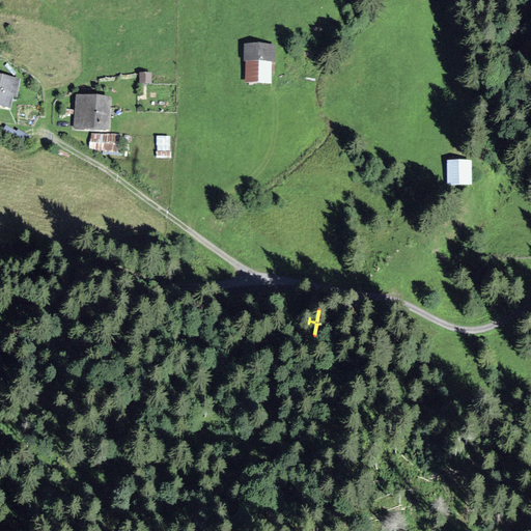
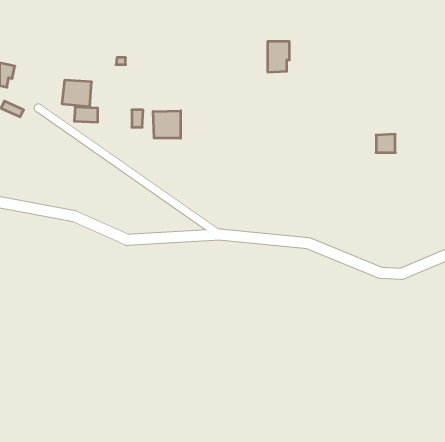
building: [246,44,272,80] -> [268,42,289,72]
building: none -> [153,111,181,138]

